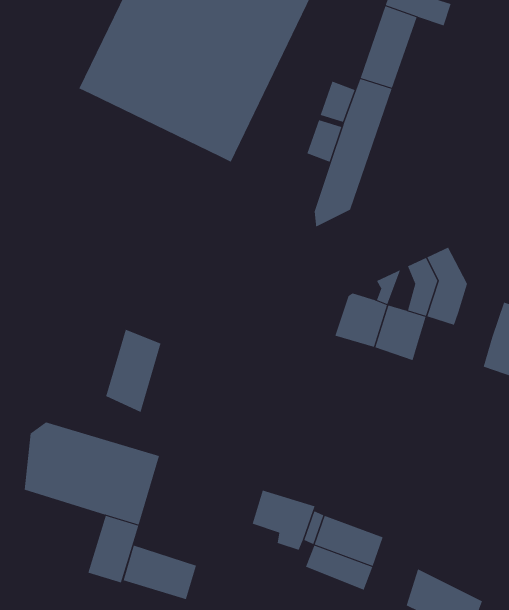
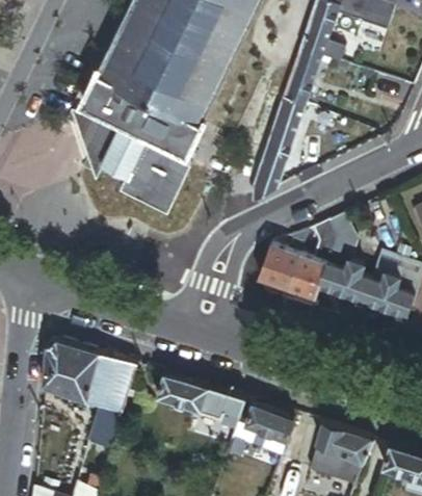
building: none -> [70,109,190,217]
building: none -> [318,262,370,301]
building: [105,329,161,413] -> none
building: none -> [318,423,375,465]
building: [123,545,197,600] -> [157,372,209,411]

